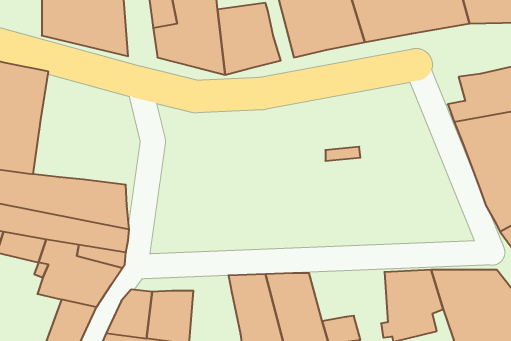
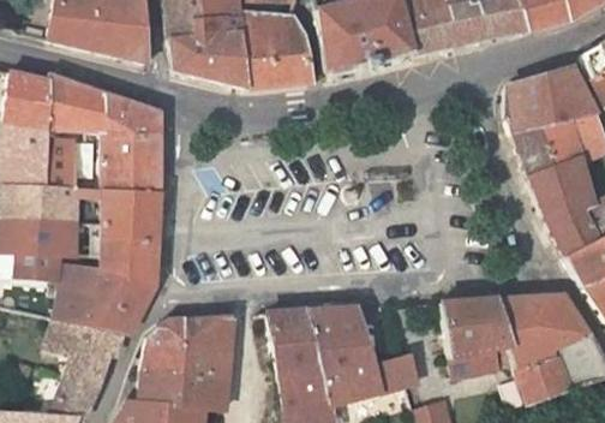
building: none -> [60,78,157,208]
building: none -> [52,147,88,199]

